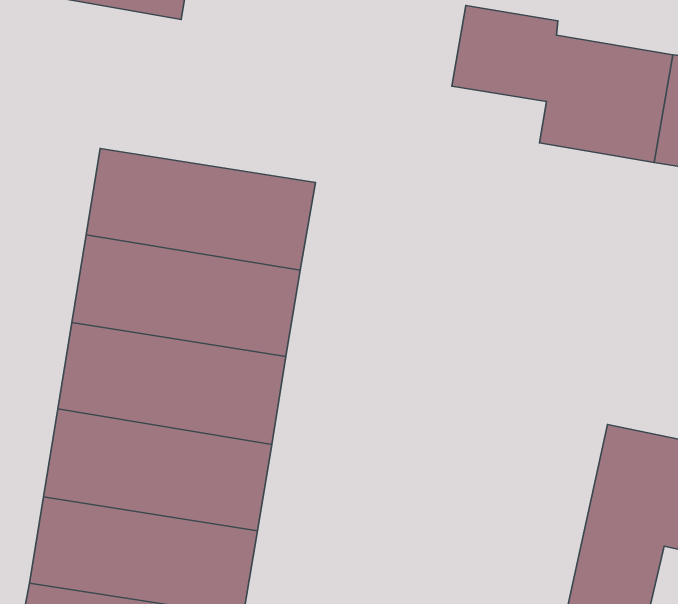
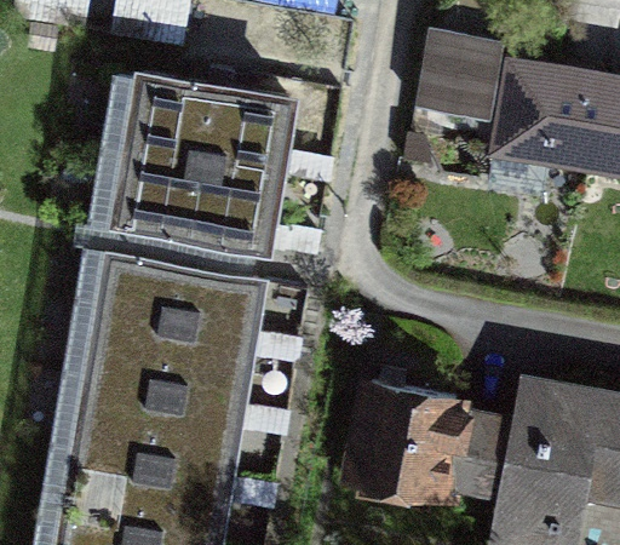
building: none -> [104,75,300,179]
building: none -> [366,391,477,497]

